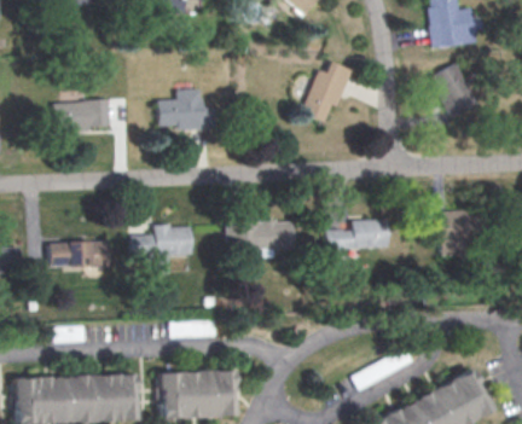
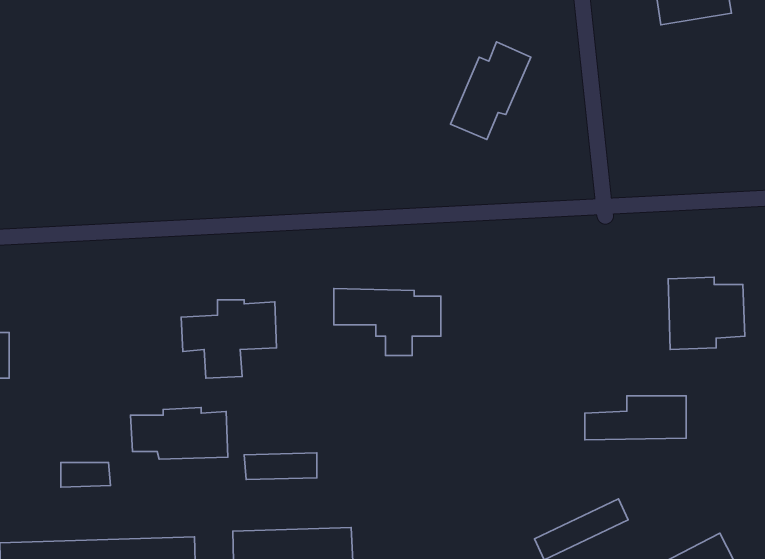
building: [435,65,476,116] -> none
building: [156,88,218,130] -> none
building: [52,98,110,135] -> none
building: [324,220,388,248] -> [585,396,686,440]
building: [47,238,109,271] -> [131,408,228,459]

